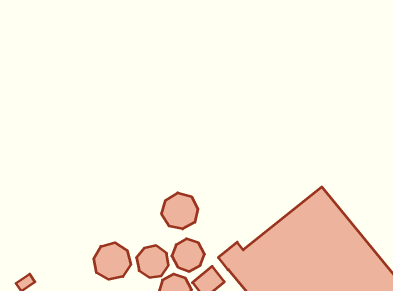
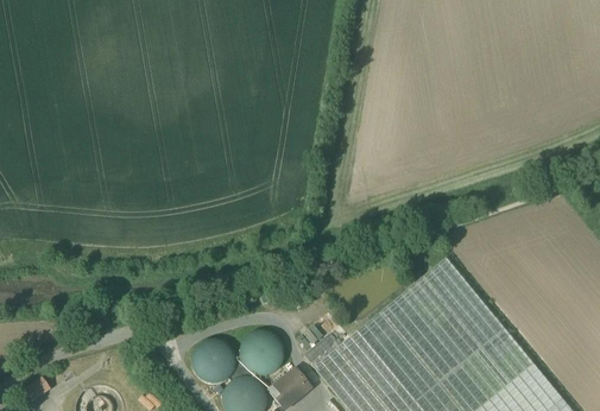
building: [162,193,198,229] -> none
building: [94,243,131,279] -> none

